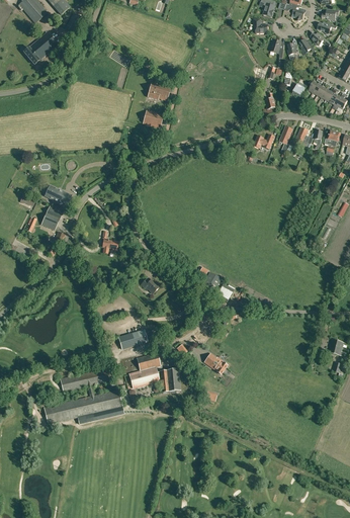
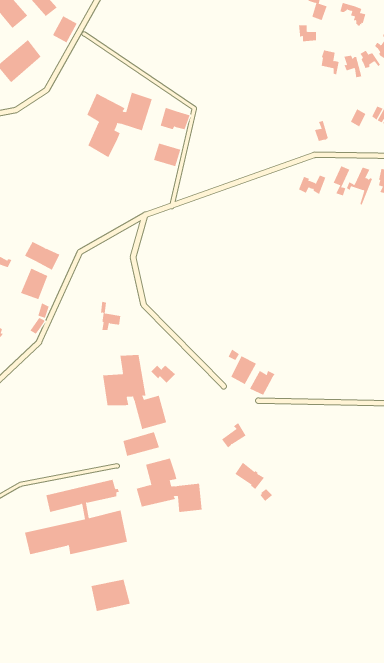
building: none -> [86,92,152,158]
building: none -> [102,354,167,430]
building: none -> [91,579,130,612]

